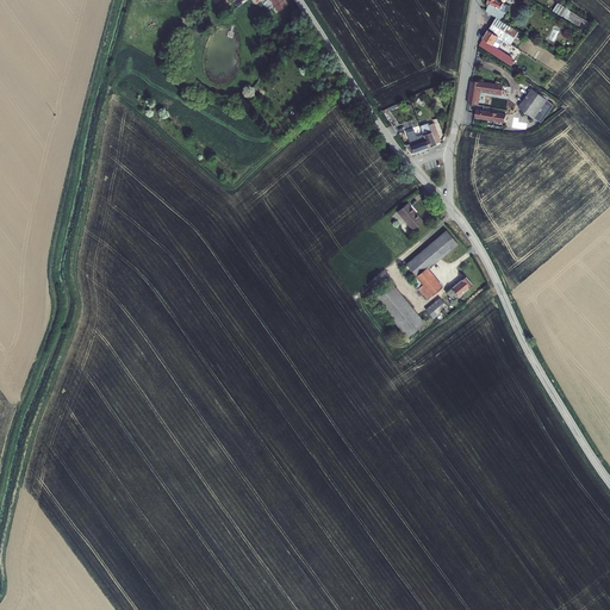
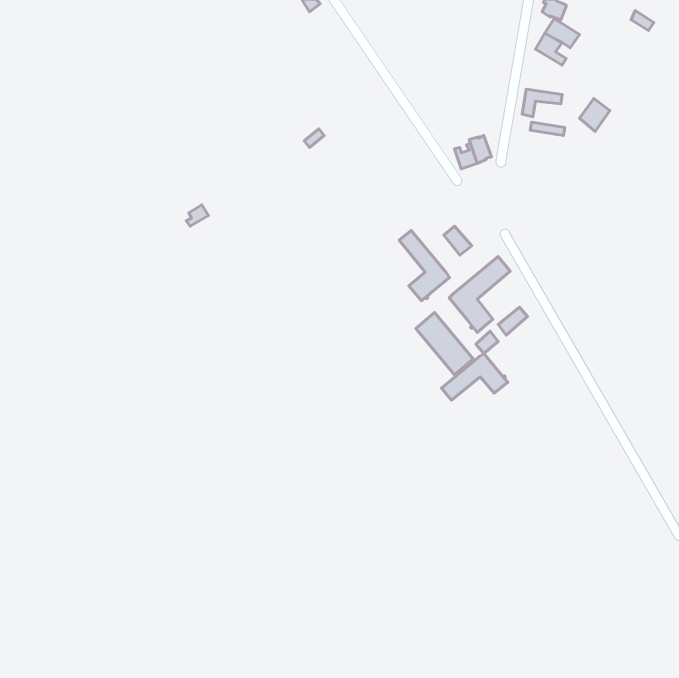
building: none -> [399,230,449,301]
building: none -> [441,354,508,400]

